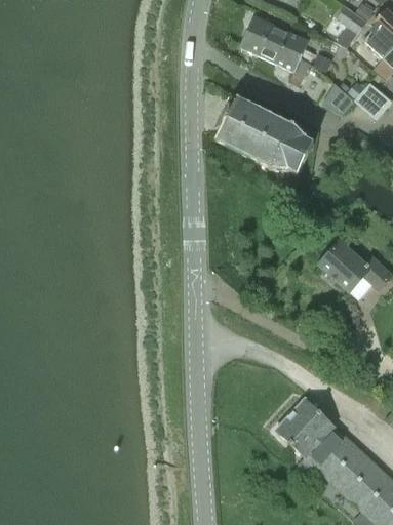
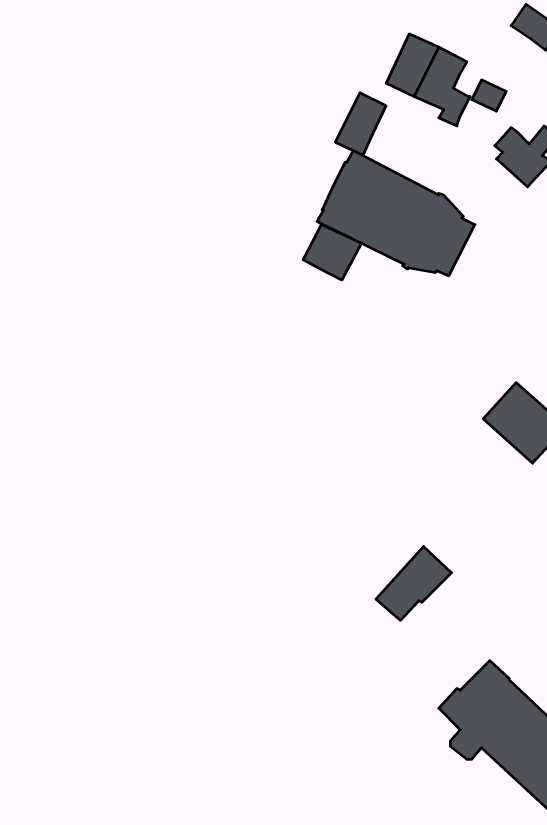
building: [240,14,272,53] -> [335,93,386,155]
building: none -> [303,224,361,280]
building: [275,397,322,443] -> [376,546,452,620]

